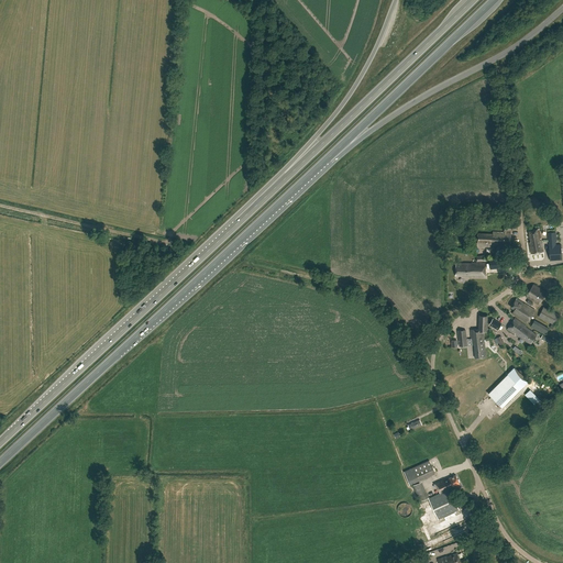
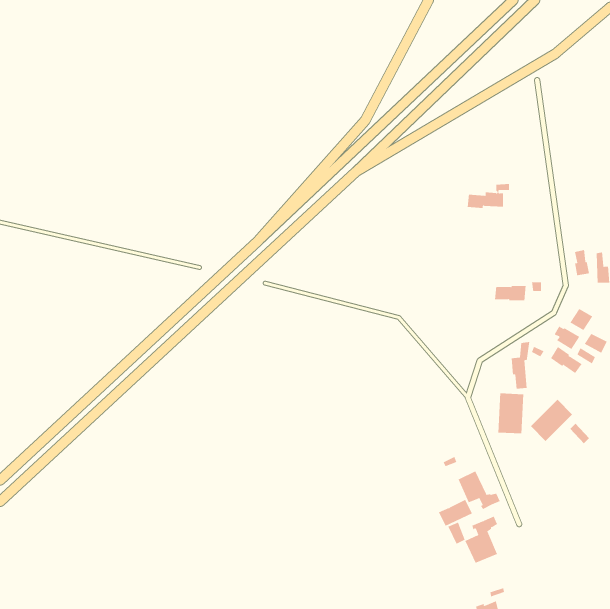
building: [476,224,516,247] -> [467,183,510,208]
building: none -> [498,393,524,434]
building: none -> [458,471,500,510]

